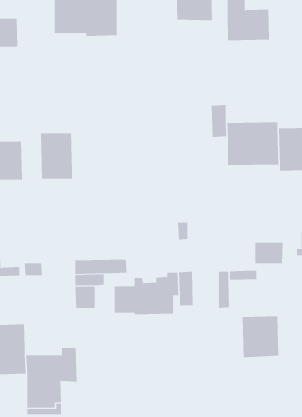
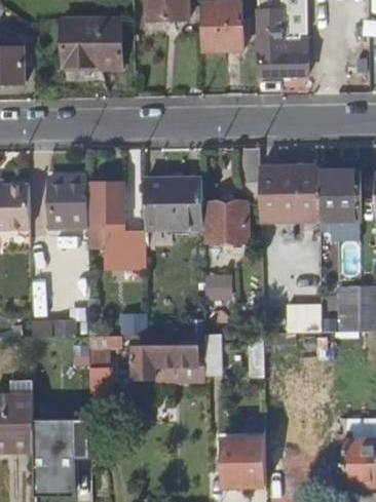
building: none -> [144,179,202,229]
building: none -> [85,183,145,268]
building: none -> [209,195,252,244]
building: [242,316,279,358] -> [223,438,265,486]

